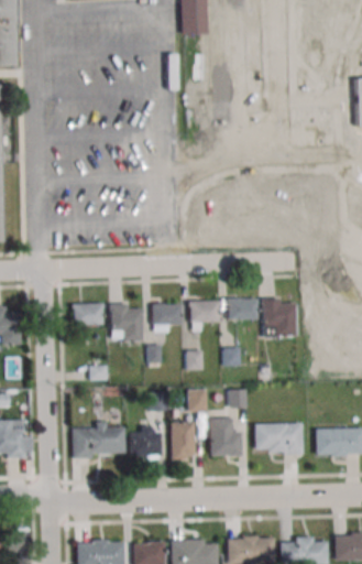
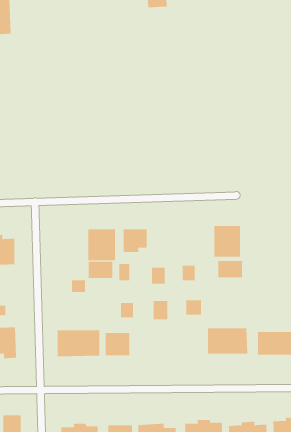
building: [228,297,259,318] -> [218,261,243,278]
building: [190,299,221,328] -> none
building: [74,302,105,323] -> [88,261,113,278]
building: [210,416,243,455] -> none
building: [172,420,196,458] -> none

